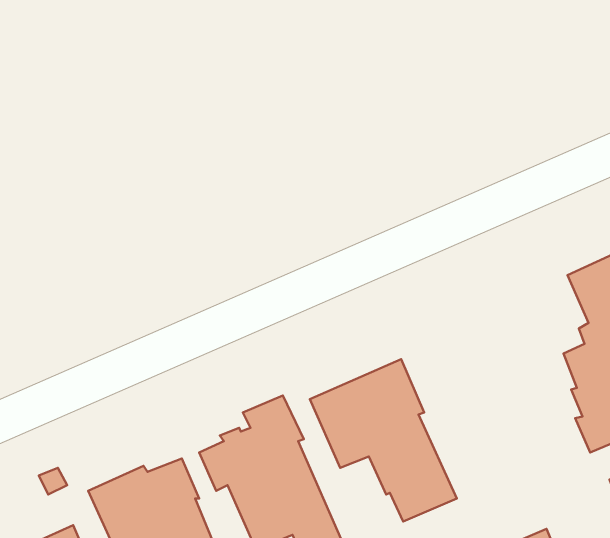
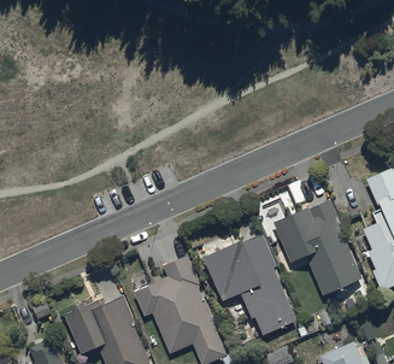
building: none -> [275,199,361,295]

